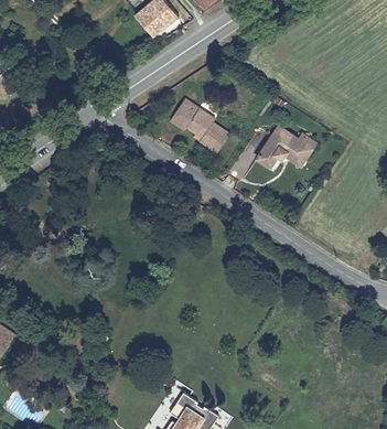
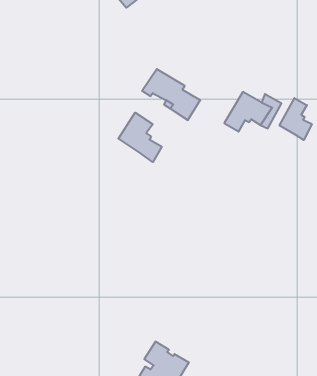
building: none -> [280,98,312,140]
building: none -> [118,113,162,162]

